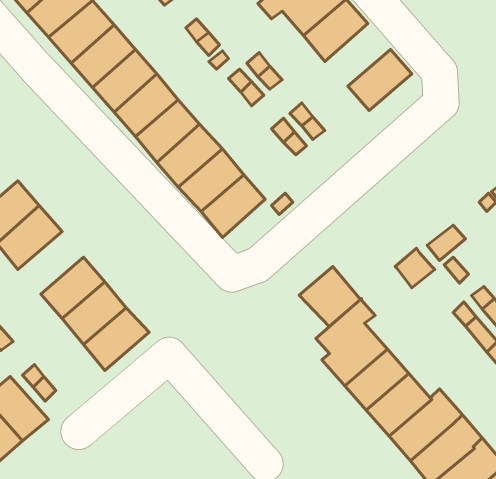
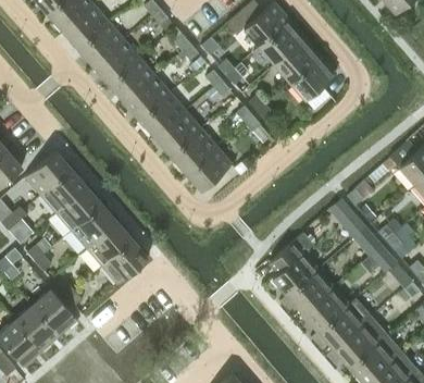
building: none -> [274,38,321,83]
building: none -> [55,186,102,231]
building: [299,266,361,326] -> none

